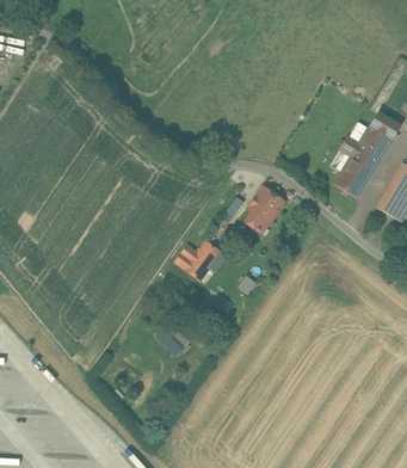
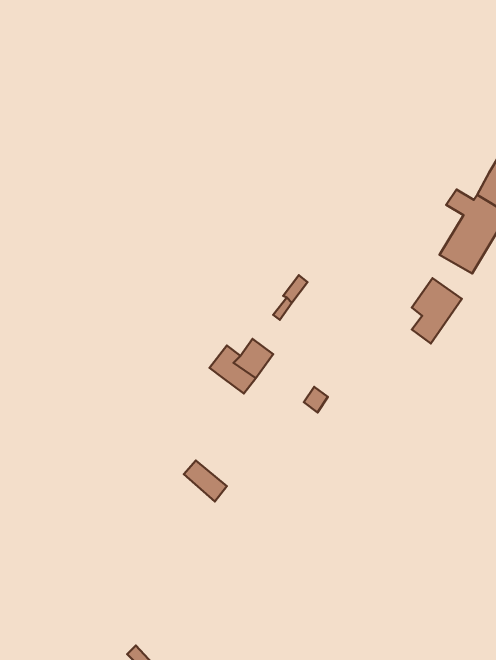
building: [248,186,283,232] -> [412,278,462,343]

